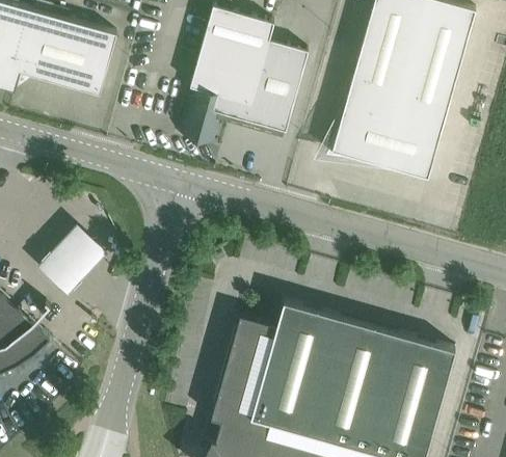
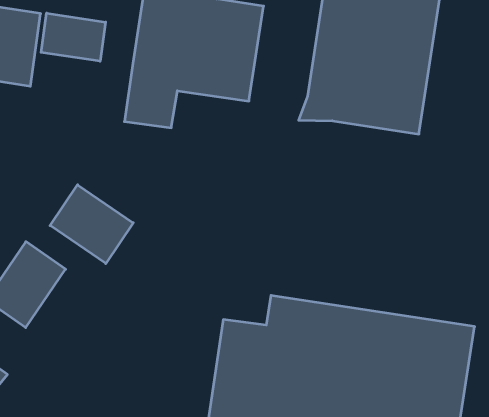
building: none -> [41,13,106,61]
building: none -> [50,185,133,264]

